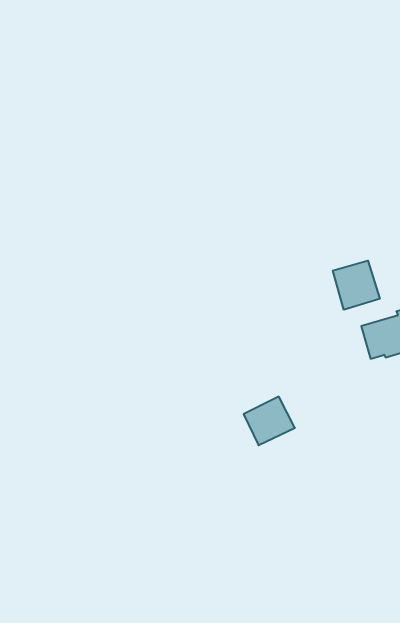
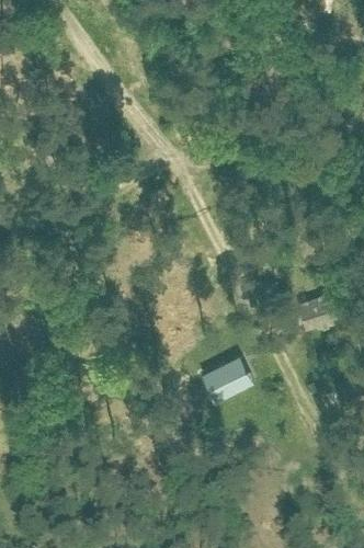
building: [333,261,380,310] -> none

